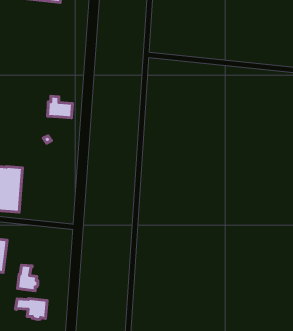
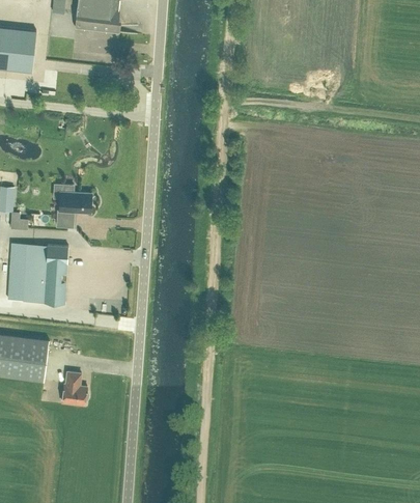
building: [47,96,72,118] -> [58,185,90,213]
building: [15,299,47,319] -> none

